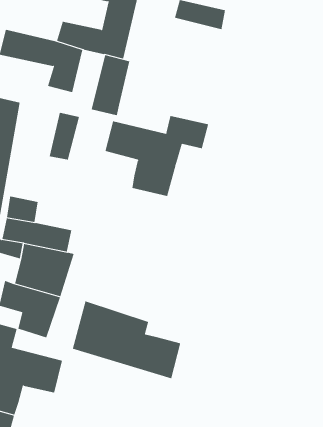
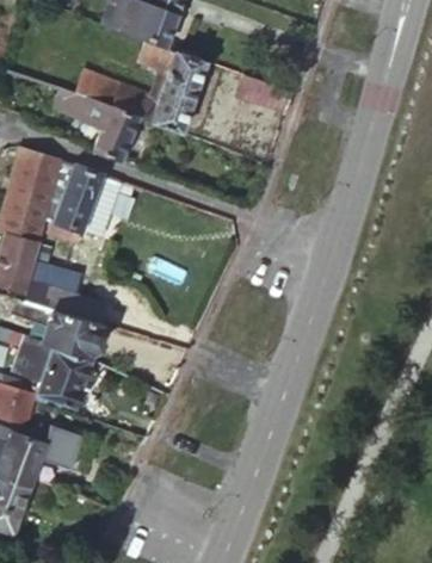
building: [91,55,130,116] -> [56,167,103,233]
building: [105,115,209,197] -> none
building: [72,300,181,379] -> none

